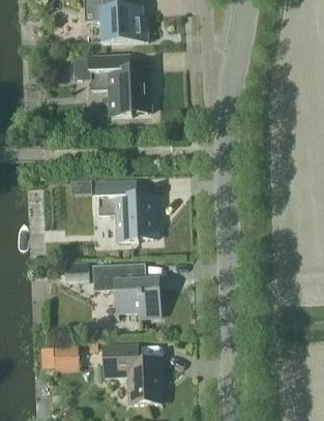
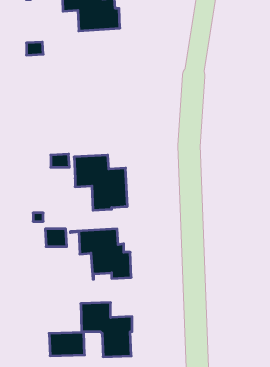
building: [91,56,152,117] -> none
building: [43,345,83,371] -> [49,332,85,356]

